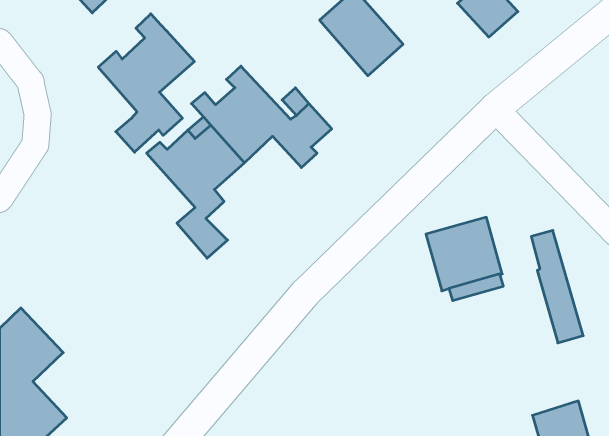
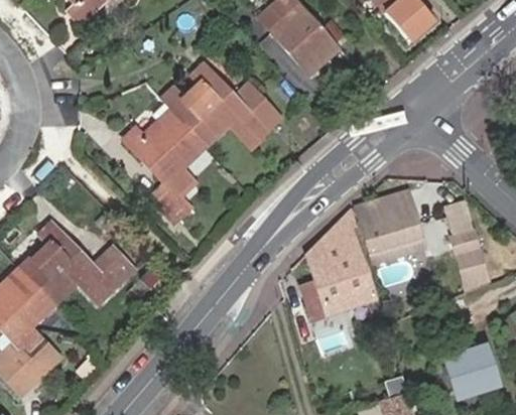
building: [98,14,194,152] -> none
building: none -> [301,210,375,319]
building: none -> [20,223,125,303]

